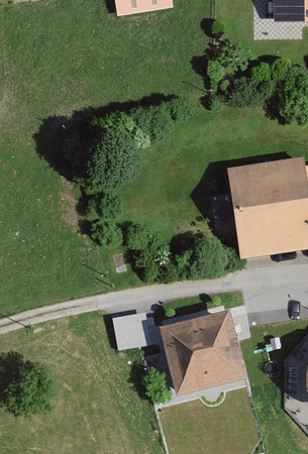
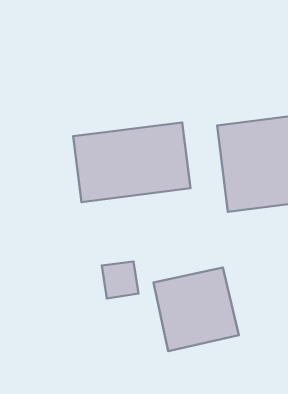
building: none -> [73,122,190,202]

